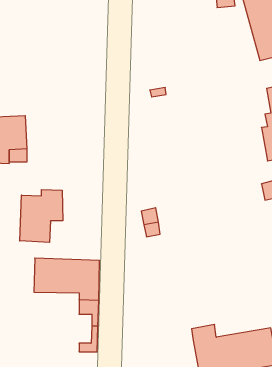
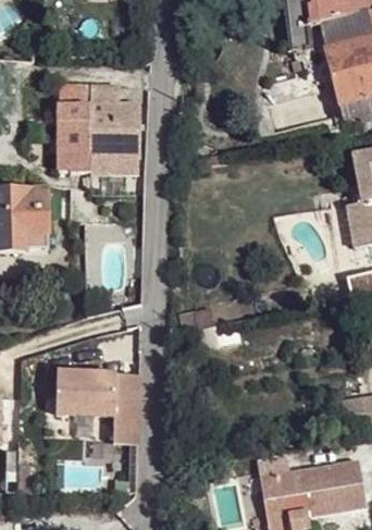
building: none -> [57,83,140,171]
building: [20,190,63,242] -> none

